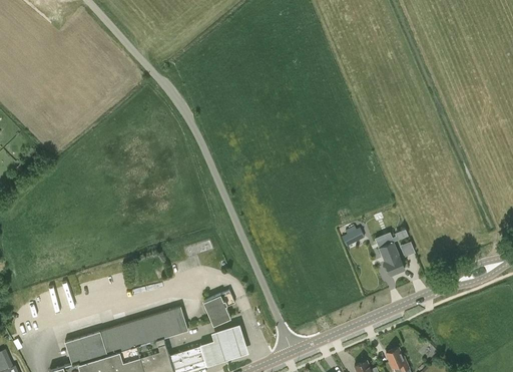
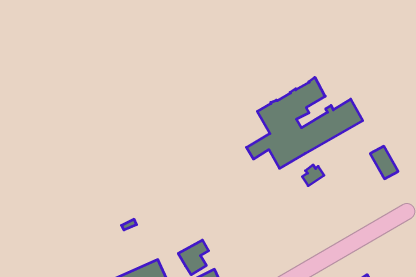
building: none -> [246,77,363,168]
building: [378,243,405,277] -> [370,146,398,179]

